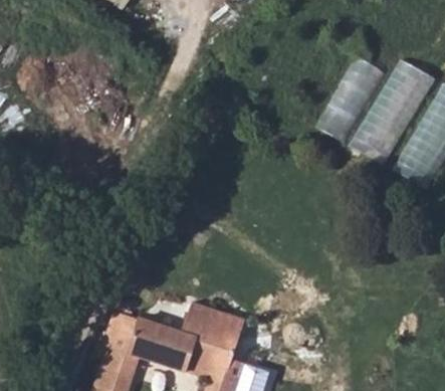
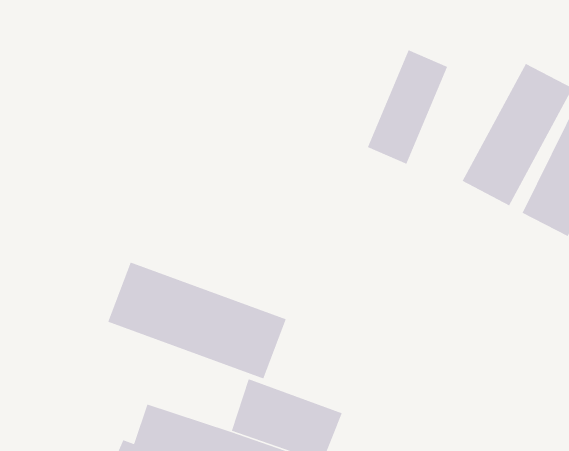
building: [320,54,382,142] -> [367,49,448,165]
building: none -> [107,262,287,379]

